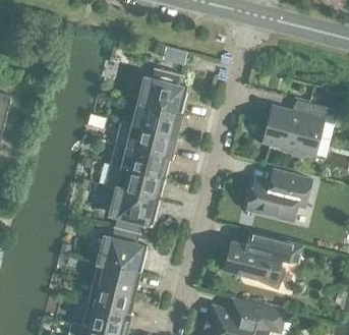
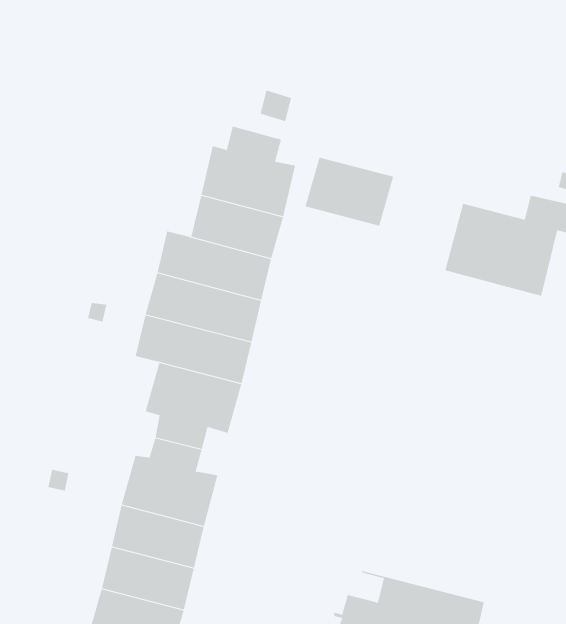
building: none -> [305,157,394,227]
building: [245,169,310,221] -> none
building: [222,230,303,287] -> none

